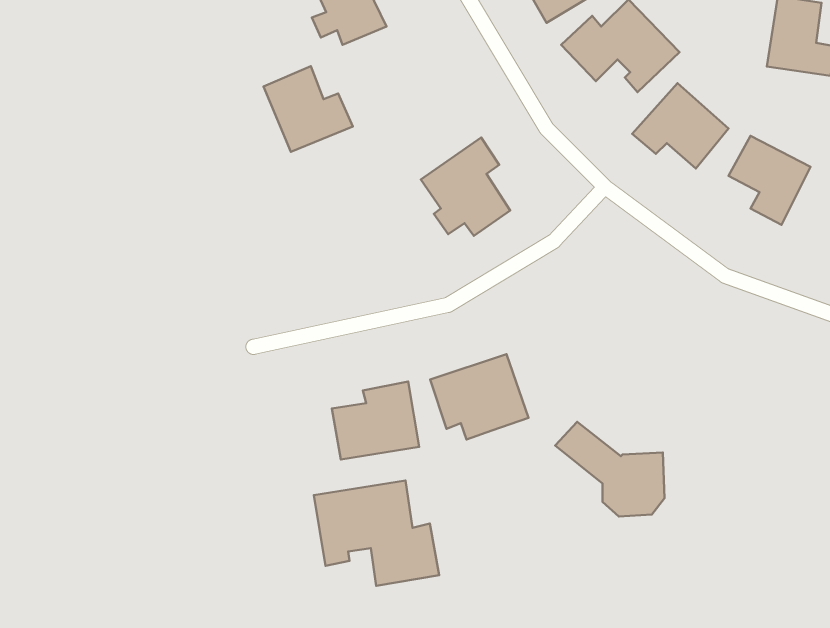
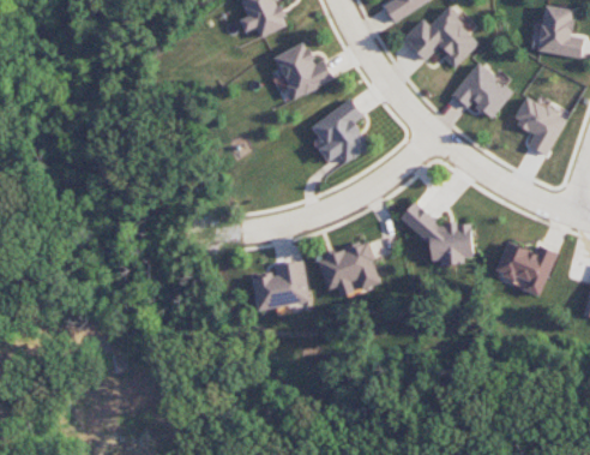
building: [264,66,353,152] -> [273,42,332,98]
building: none -> [494,243,554,295]
building: [555,422,664,516] -> [398,203,470,265]
building: [314,480,439,586] -> none

